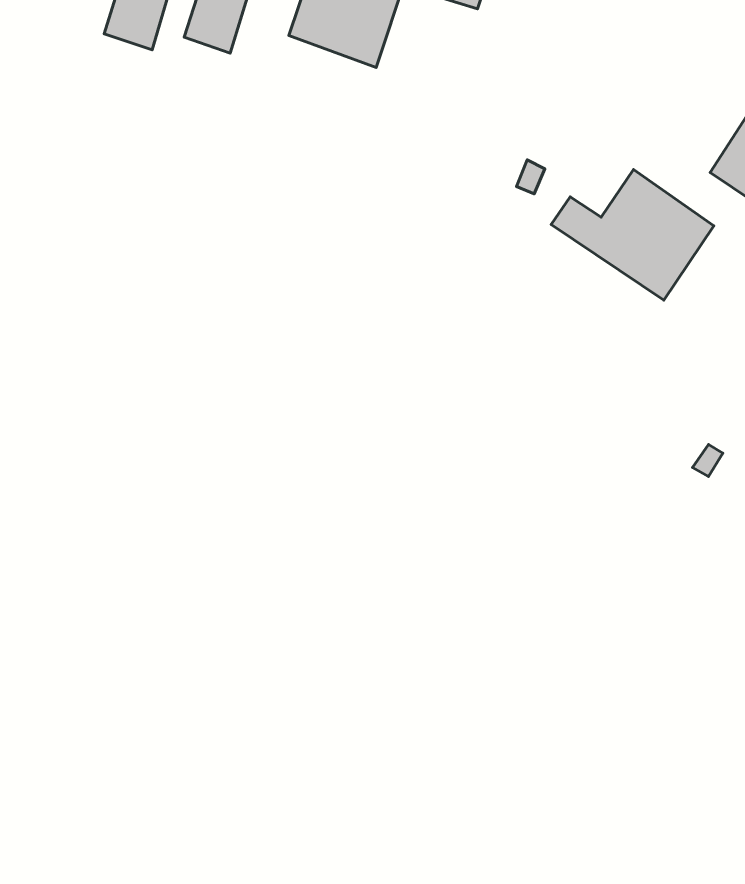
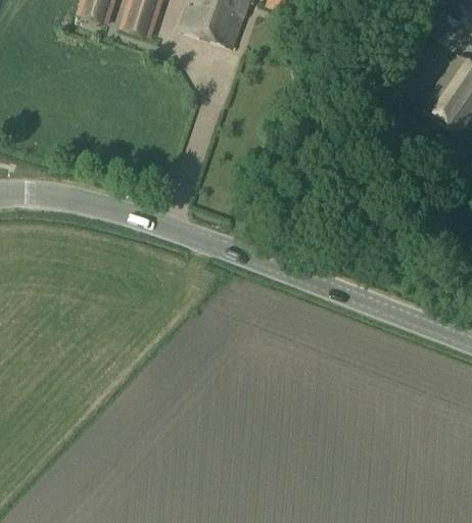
building: [551,169,714,300] -> none

